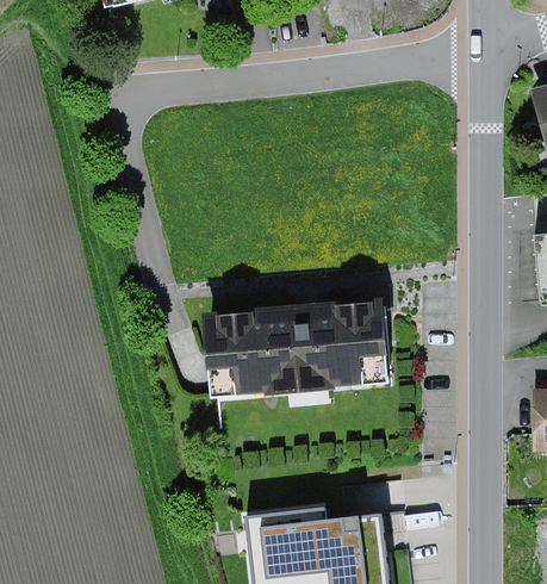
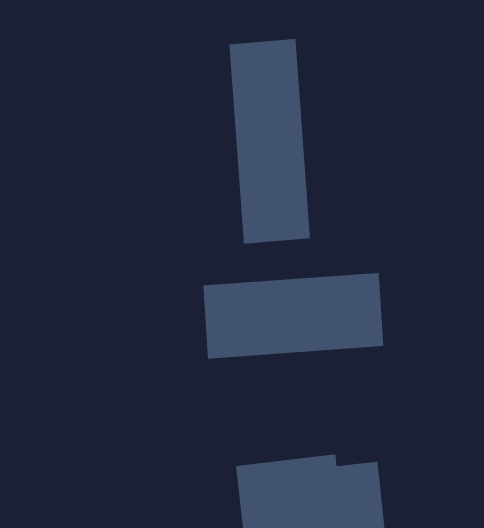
building: none -> [229,38,310,244]

